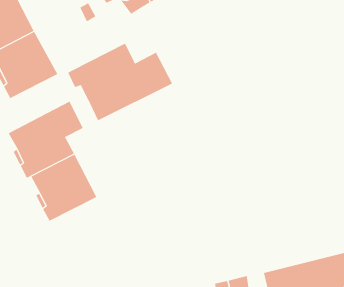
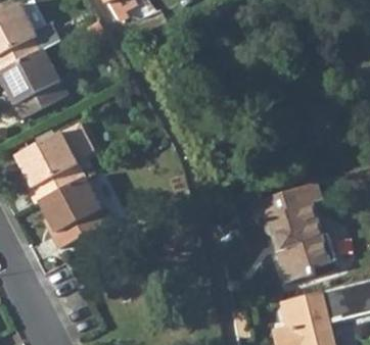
building: [67,43,173,121] -> none
building: none -> [249,183,334,283]

